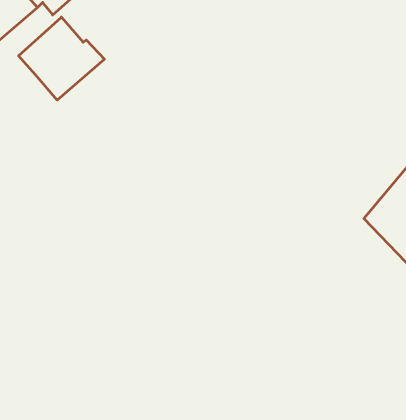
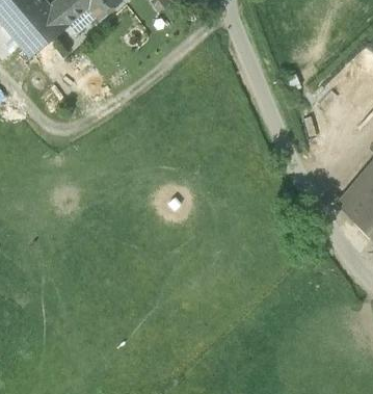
building: [19,17,104,100] -> none

